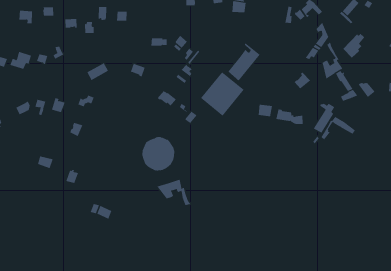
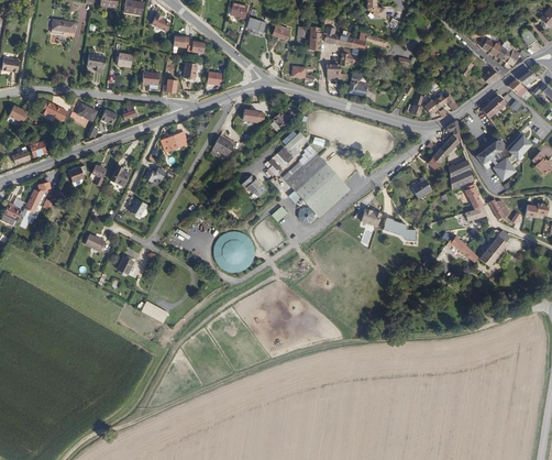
building: none -> [493,136,530,178]
building: [228,43,261,82] -> [283,144,325,190]
building: [313,103,335,134] -> [479,228,510,265]
building: [157,179,191,206] -> none

